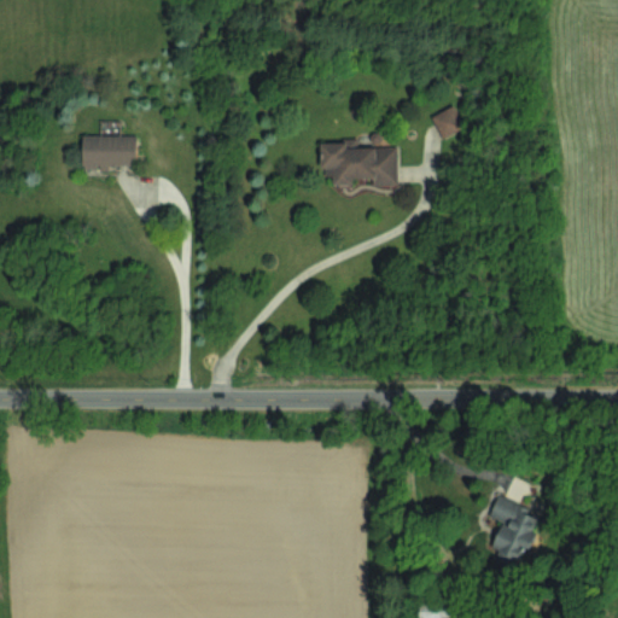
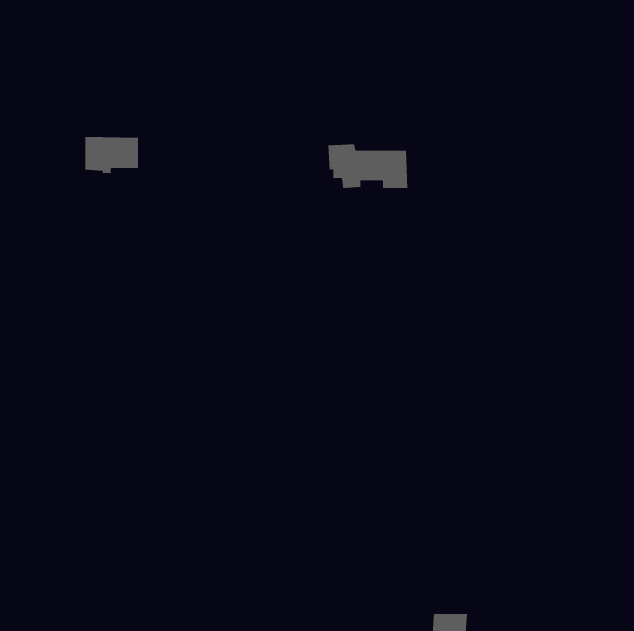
building: [431,106,464,140] -> none
building: [489,495,537,570] -> none

